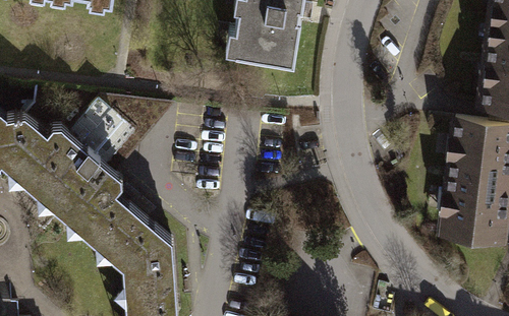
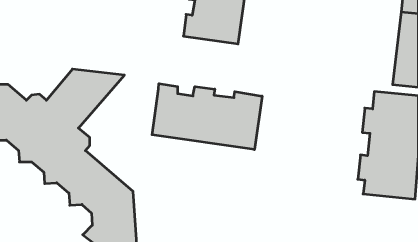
building: none -> [152,84,262,150]

